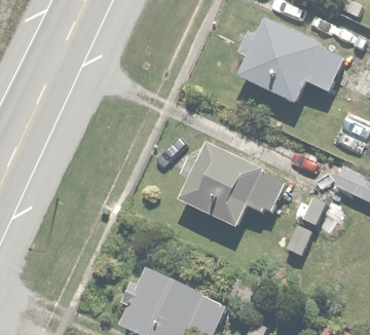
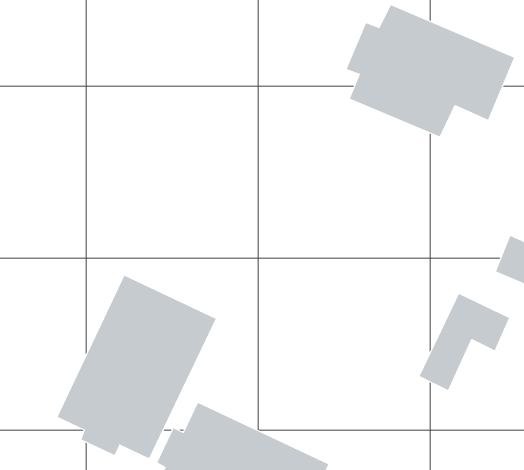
building: [178,142,285,228] -> none
building: none -> [57,275,216,458]

